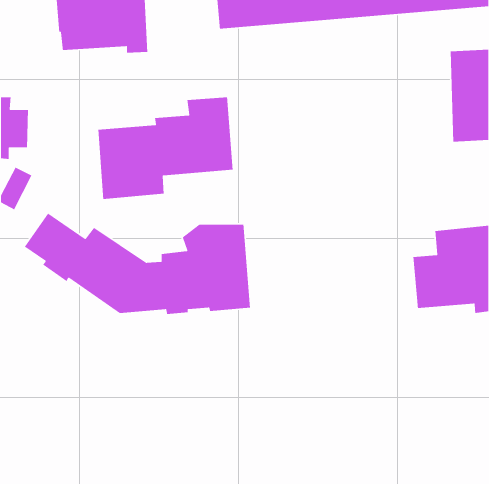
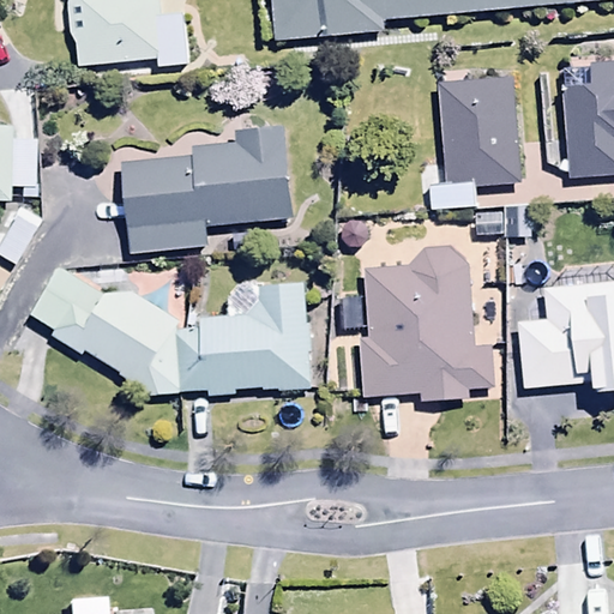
building: none -> [429,79,513,205]
building: none -> [359,245,490,401]

